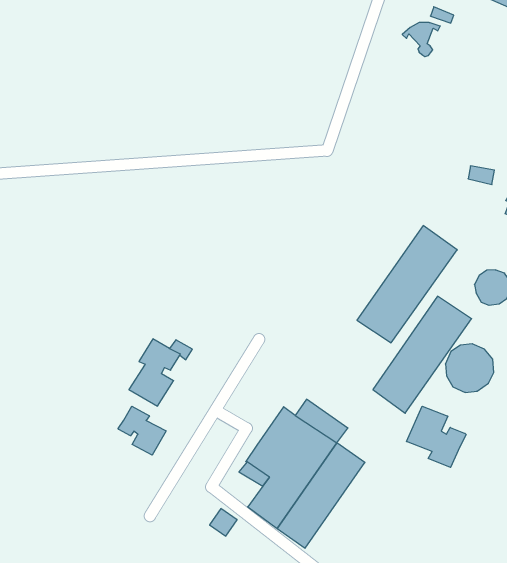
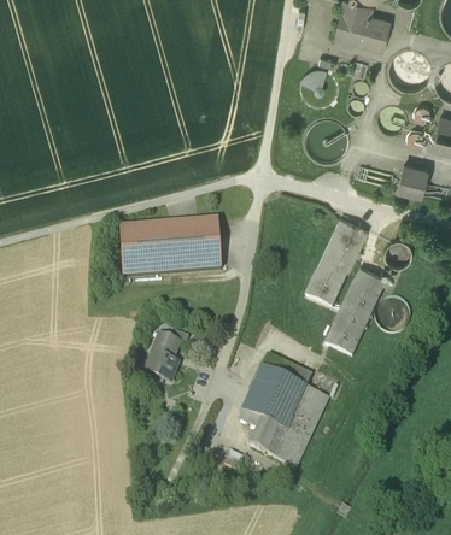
building: none -> [119,218,221,274]
building: [407,406,466,467] -> none
building: [118,406,166,455] -> none

